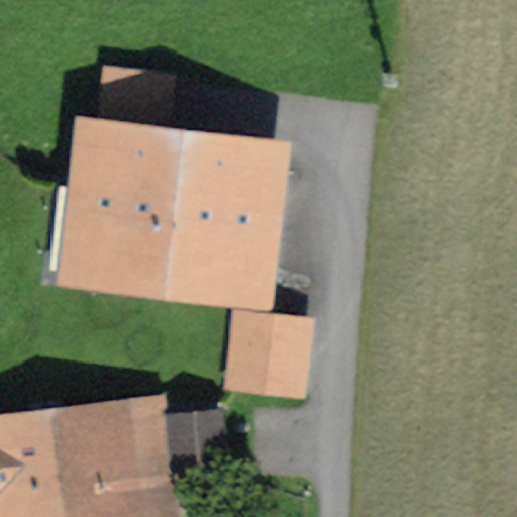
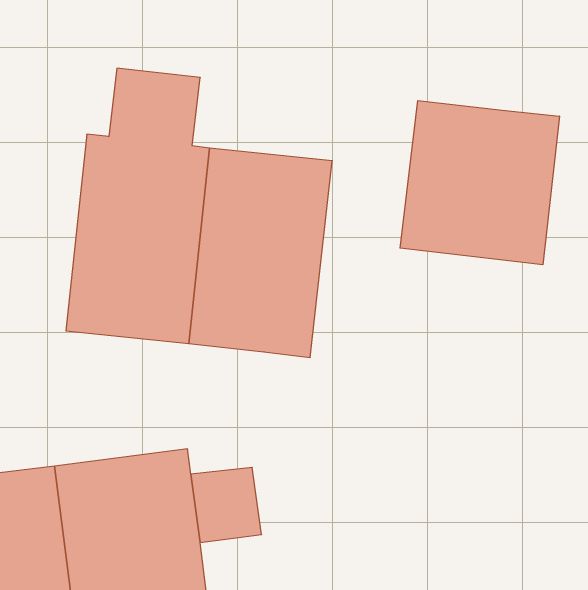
building: none -> [400,101,559,265]
building: [222,308,313,395] -> none

